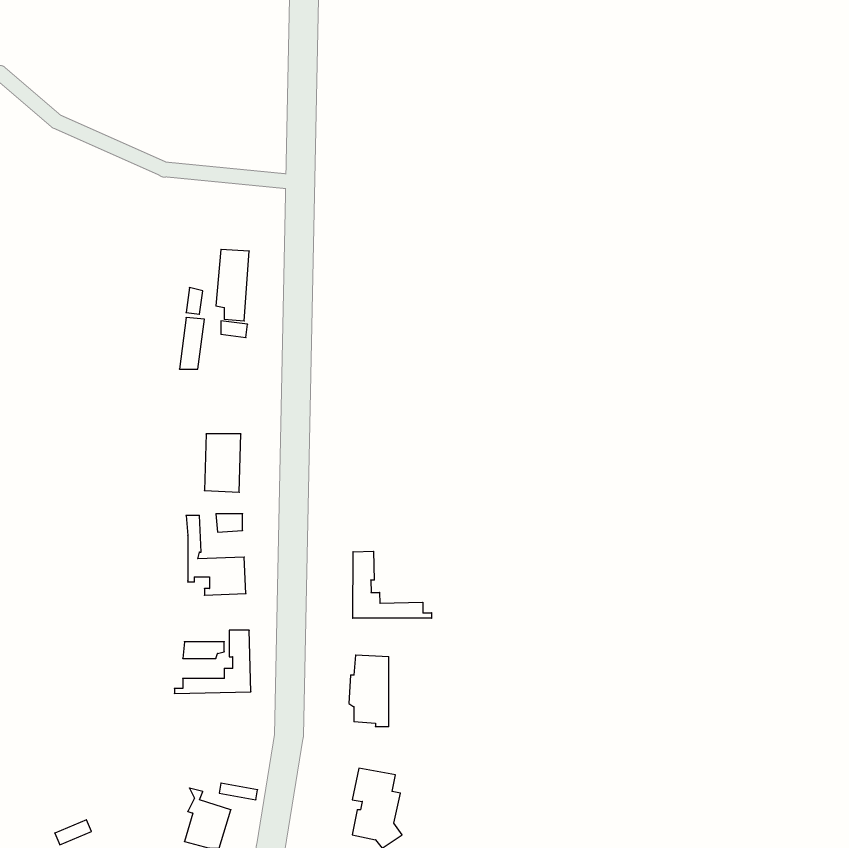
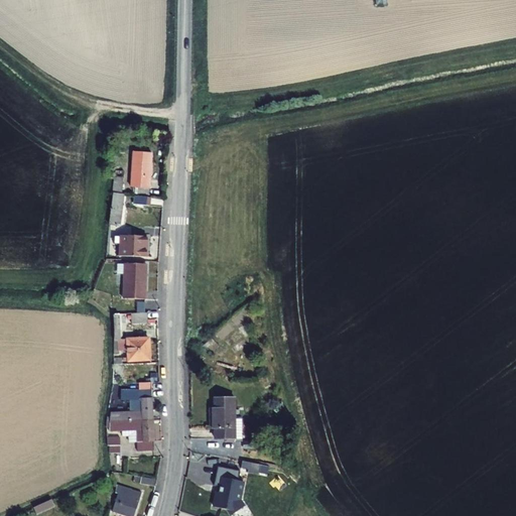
building: none -> [120,235,146,255]
building: [353,551,432,618] -> none
building: none -> [106,419,153,449]

